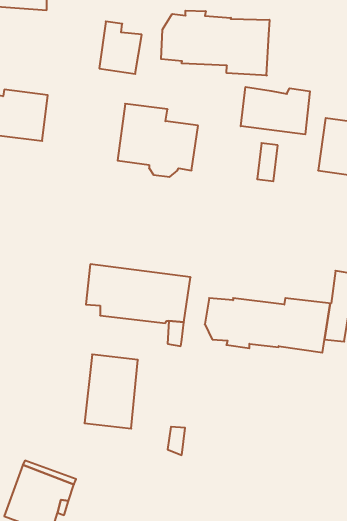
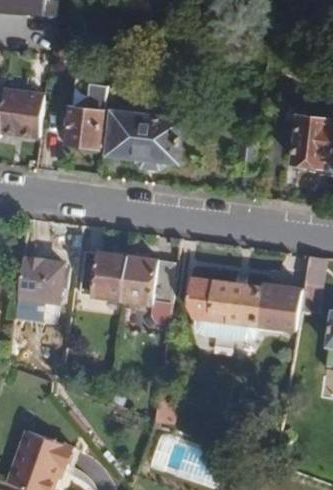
building: [161,11,269,75] -> none
building: [99,21,142,74] -> [66,100,105,148]
building: [241,87,310,134] -> none
building: [84,354,138,429] -> [14,258,63,326]

